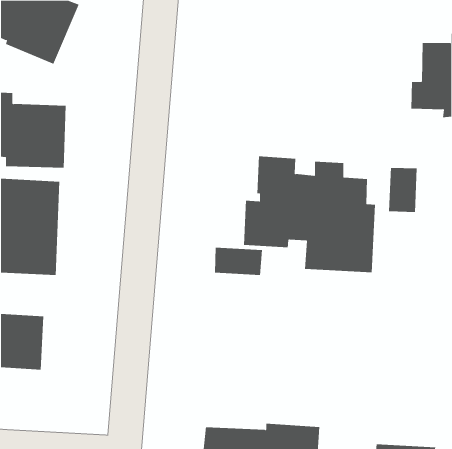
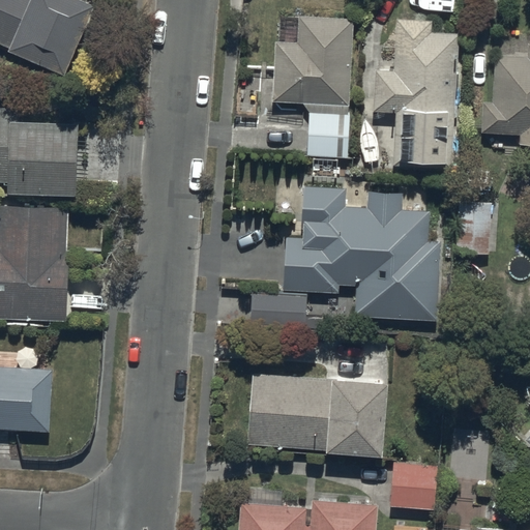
building: none -> [273,16,352,155]
building: none -> [373,18,458,158]
building: none -> [243,367,387,449]
building: none -> [389,461,437,508]

